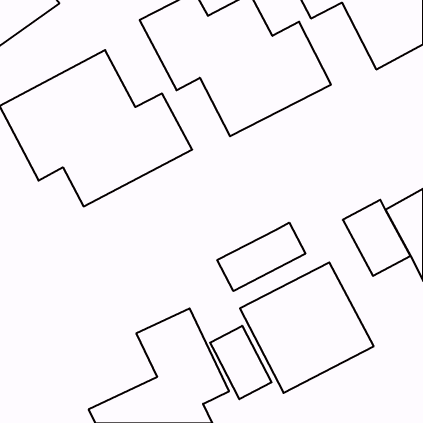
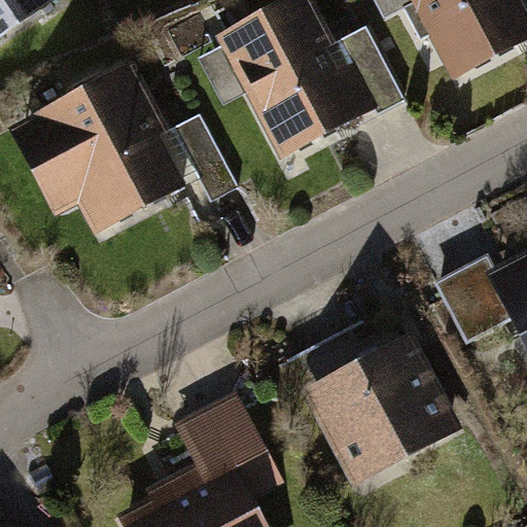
building: [217,223,305,291] -> none
building: [210,326,272,399] -> none

